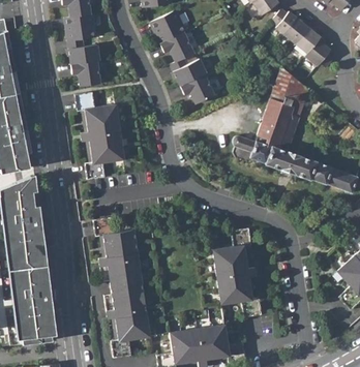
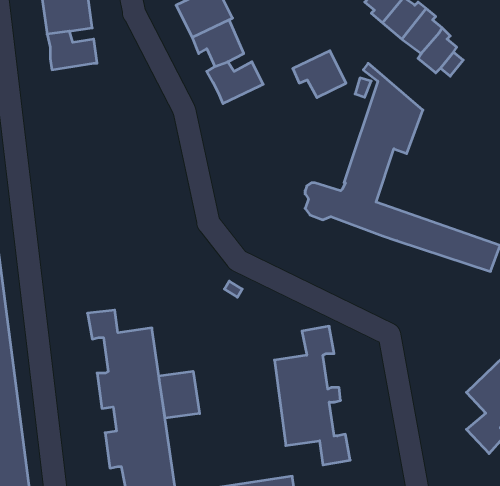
building: [70,59,100,85] -> none
building: [180,73,214,103] -> [293,51,346,98]
building: [76,91,123,179] -> none
building: none -> [159,371,200,418]

